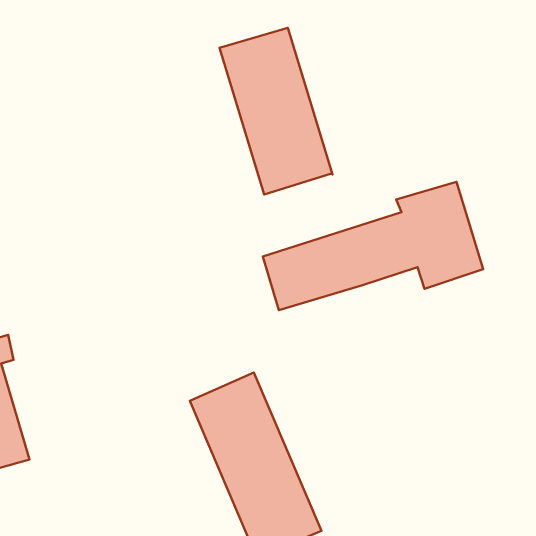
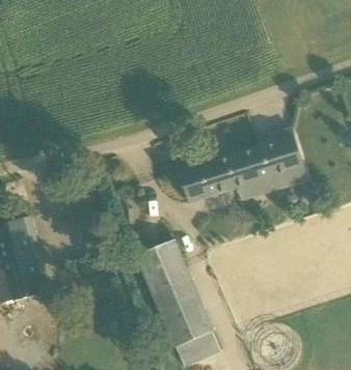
building: [219,28,333,194] -> none

